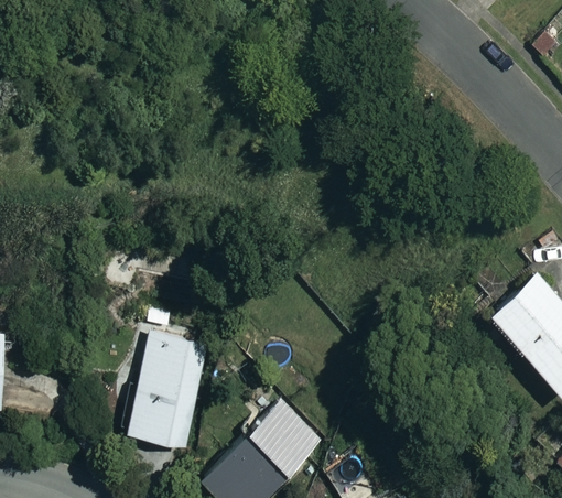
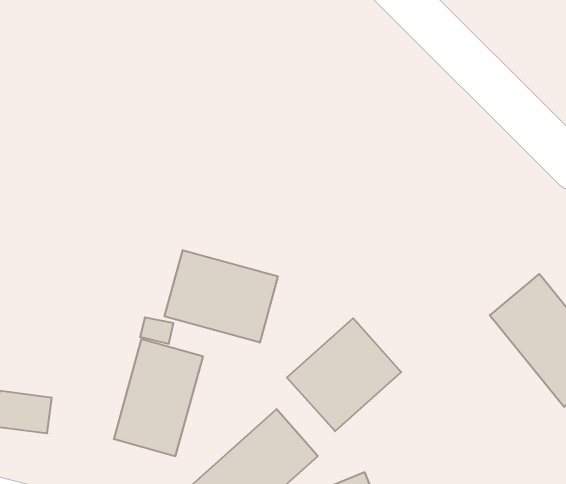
building: none -> [165,250,278,343]
building: none -> [287,318,401,431]

